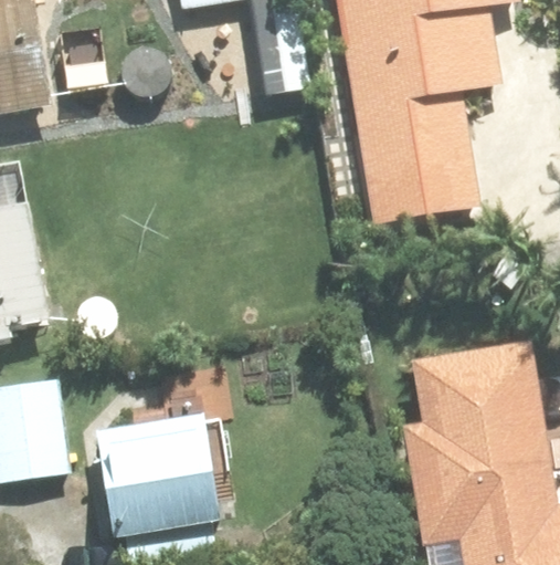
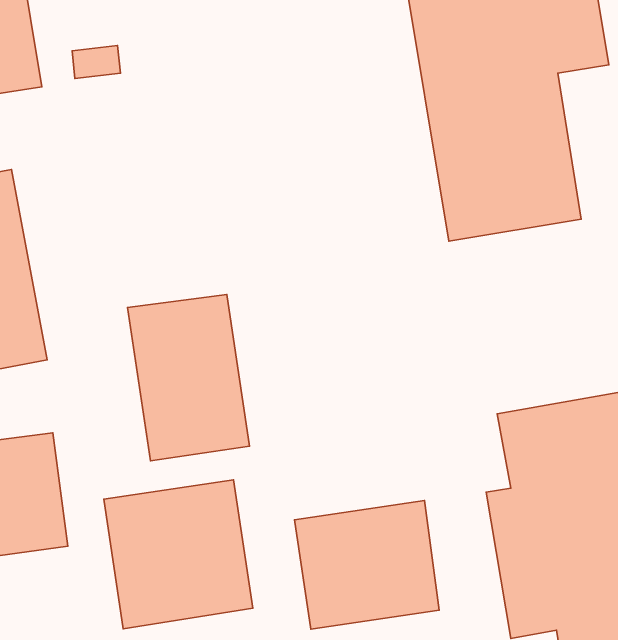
building: none -> [128,294,249,461]
building: none -> [294,501,439,629]

